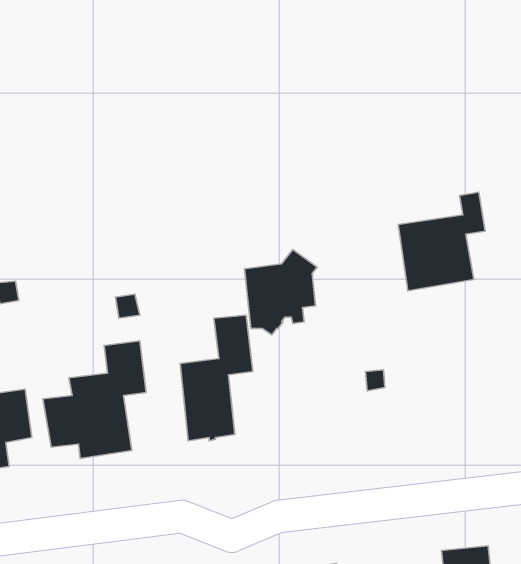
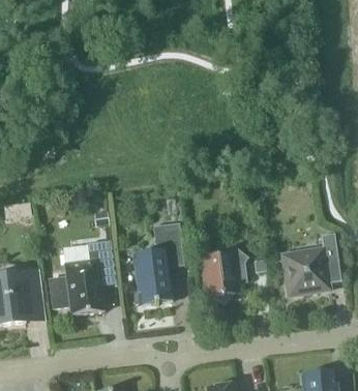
building: [398,192,485,291] -> [281,232,337,295]
building: [244,249,317,335] -> [201,244,247,299]

